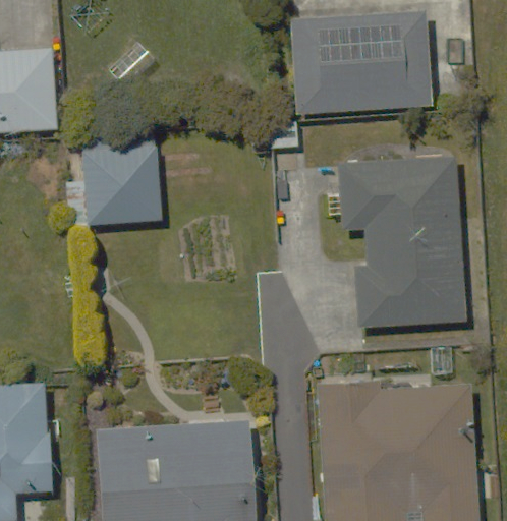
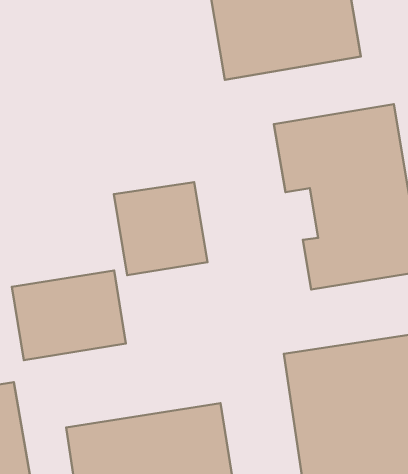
building: [79,149,163,232] -> [114,182,207,275]
building: none -> [12,270,126,360]

